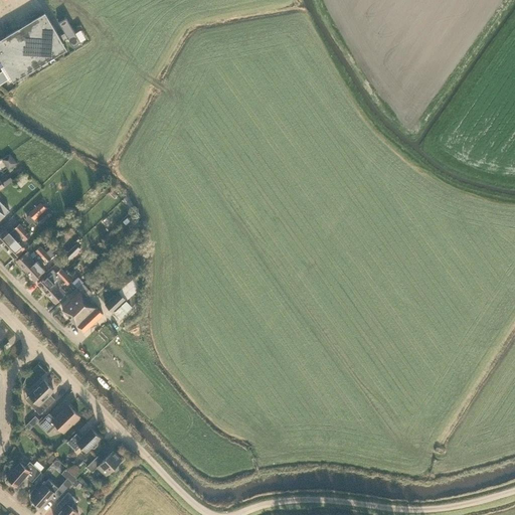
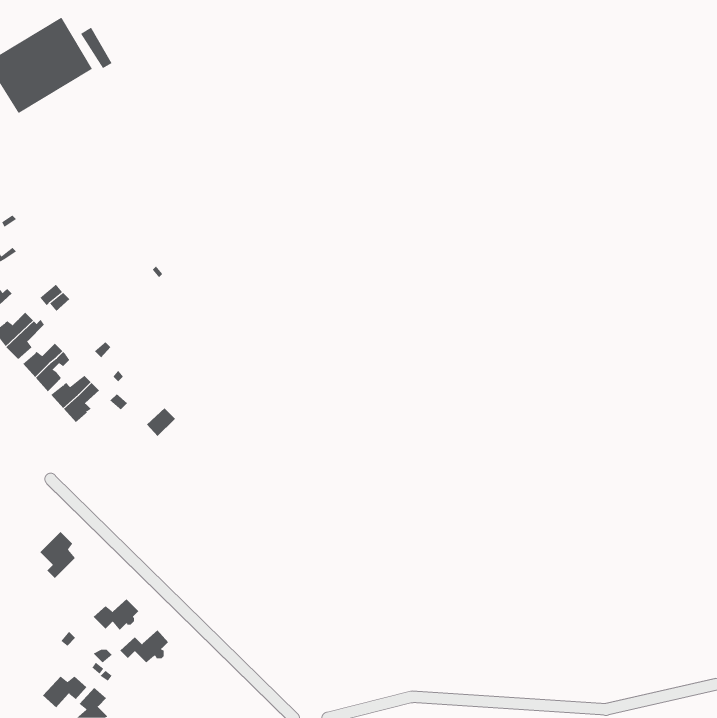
building: [61,291,102,332] -> none
building: [38,405,78,433] -> none
building: [6,462,40,486] -> none

